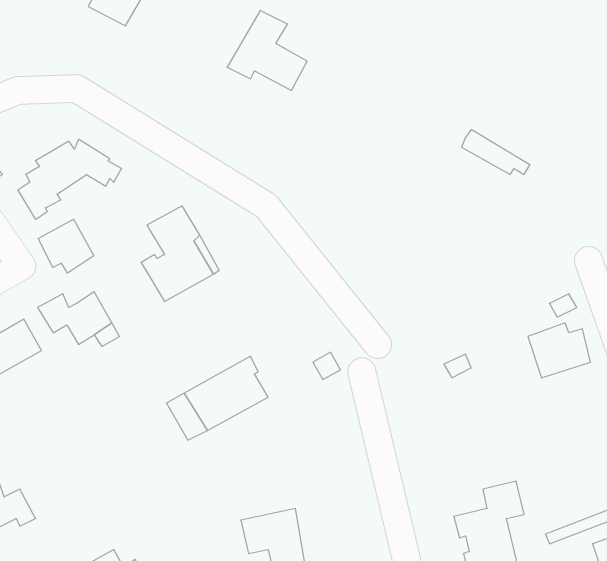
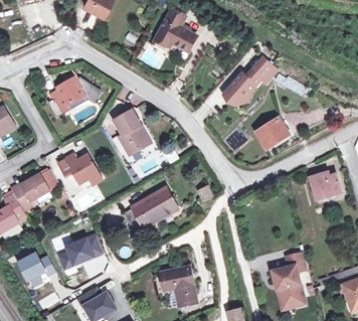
building: none -> [222,58,276,106]
building: [38,219,94,273] -> none
building: none -> [255,119,287,148]
building: none -> [59,235,103,269]

